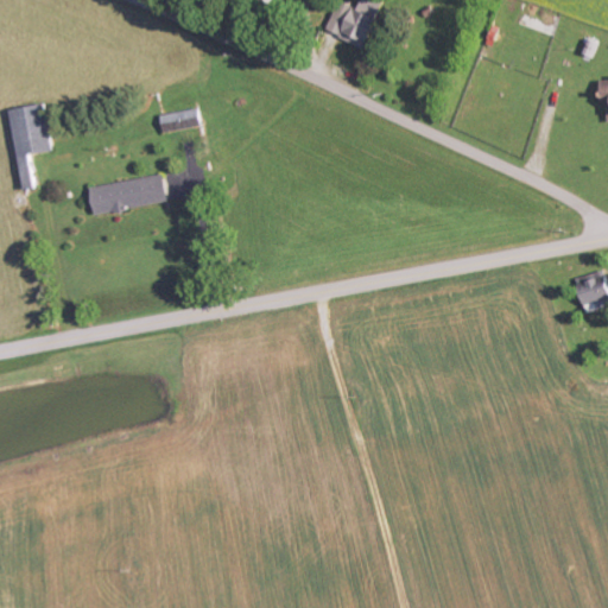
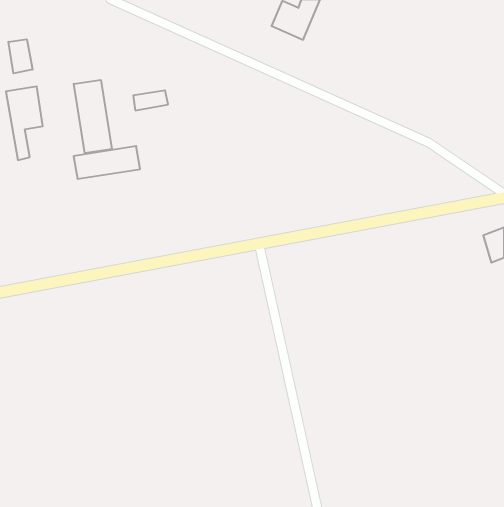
building: none -> [8,39,33,73]
building: none -> [74,80,112,153]

